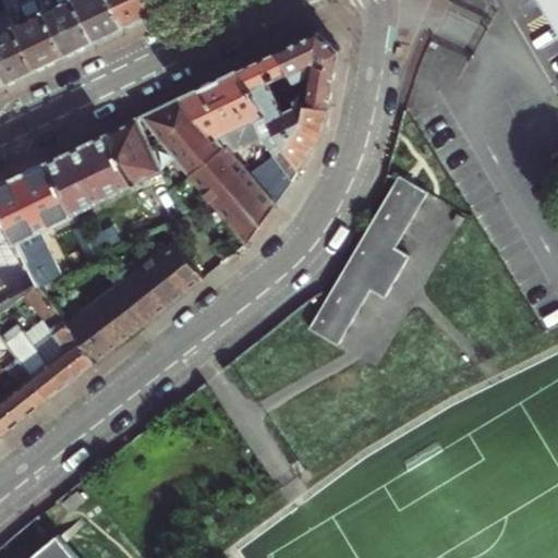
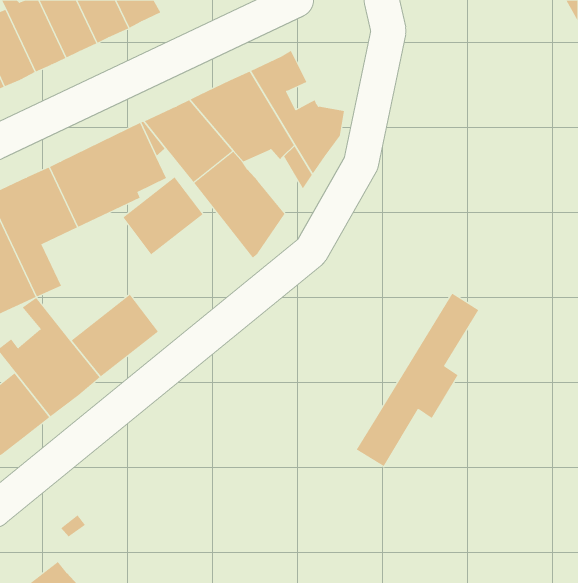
building: [278,32,339,107] -> none
building: [246,150,289,205] -> none
building: [307,174,425,340] -> [356,293,479,467]
building: [124,242,202,317] -> [122,176,203,255]

